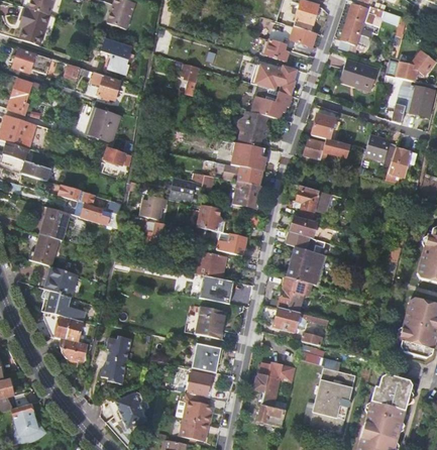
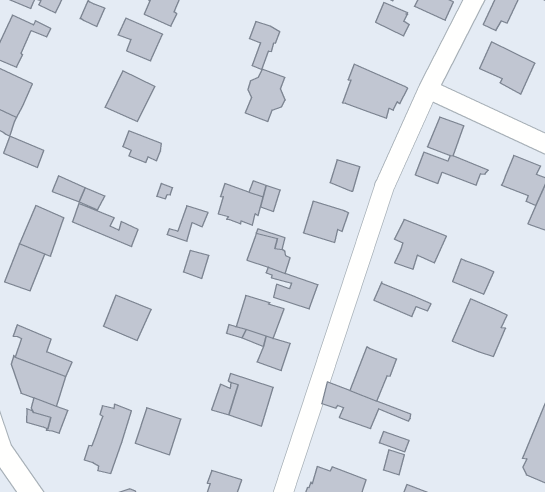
building: [257,66,297,96] -> none
building: [243,112,269,147] -> [245,69,285,121]
building: [223,163,262,186] -> none
building: [291,216,318,238] -> [453,259,494,294]
building: [288,247,323,285] -> [452,299,507,356]
building: [45,267,77,297] -> [103,295,151,340]
building: [192,343,221,373] -> [135,408,181,455]

